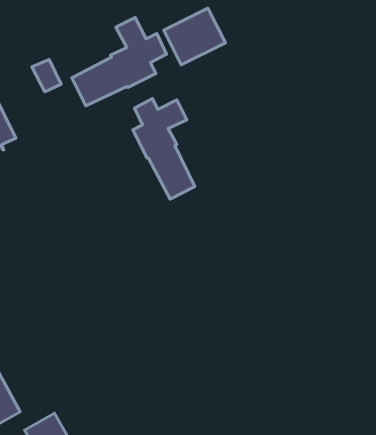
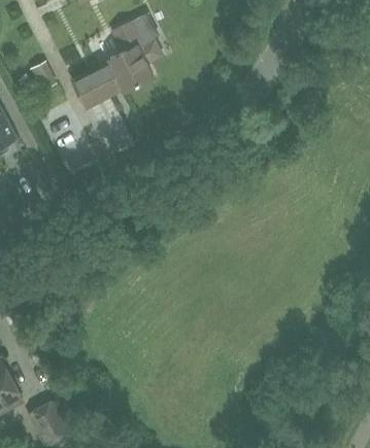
building: [164,8,225,65] -> none
building: [133,99,195,199] -> none

